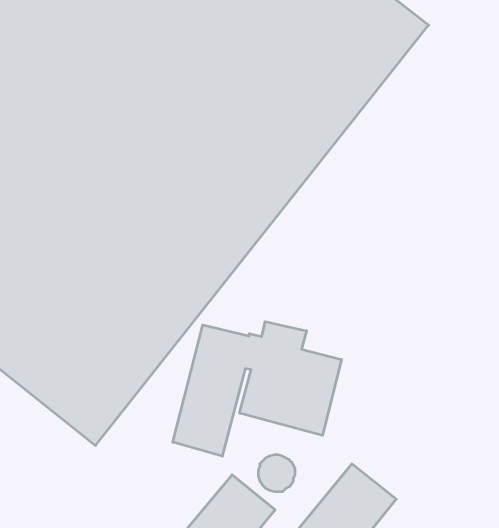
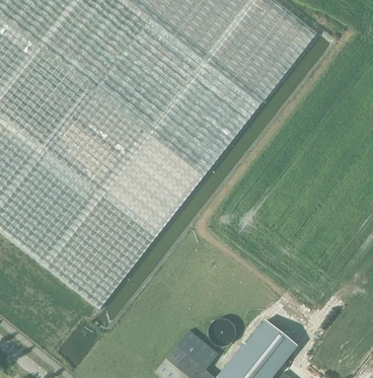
building: [173,322,342,456] -> none

